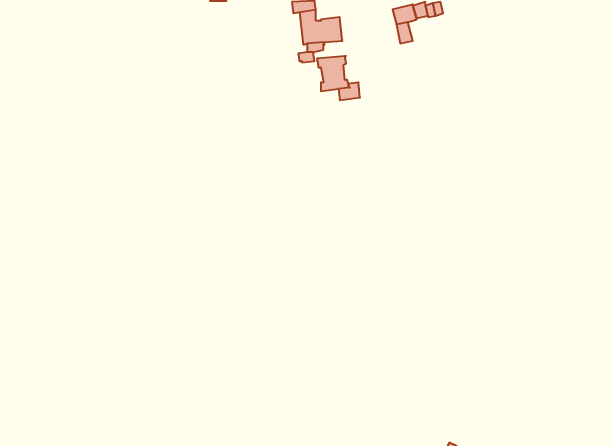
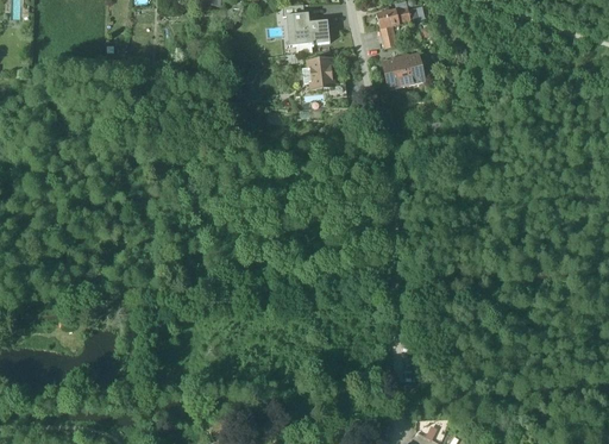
building: none -> [381,54,423,89]

